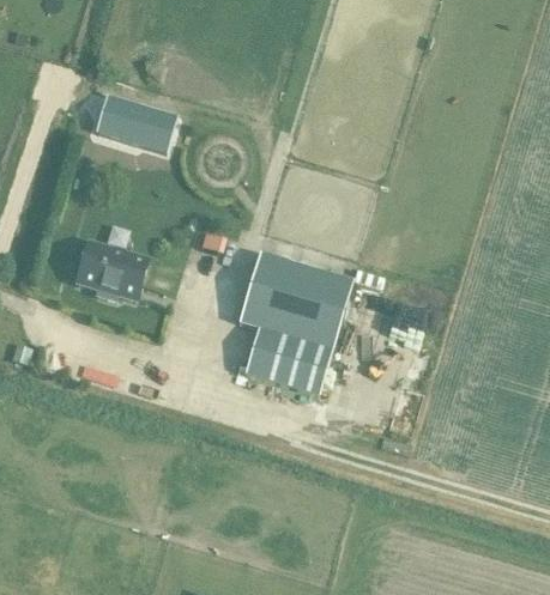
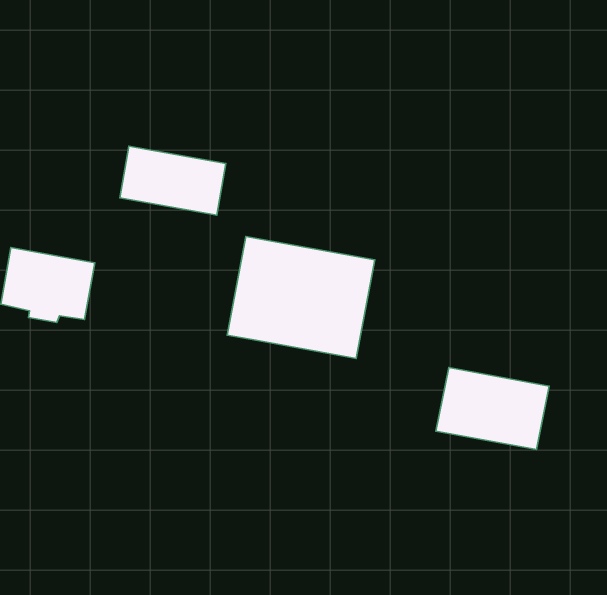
building: [107,99,187,157] -> [120,146,226,215]
building: [244,328,331,395] -> [436,368,549,450]

